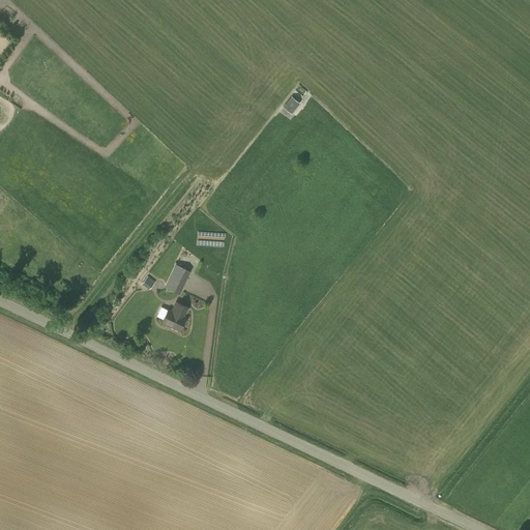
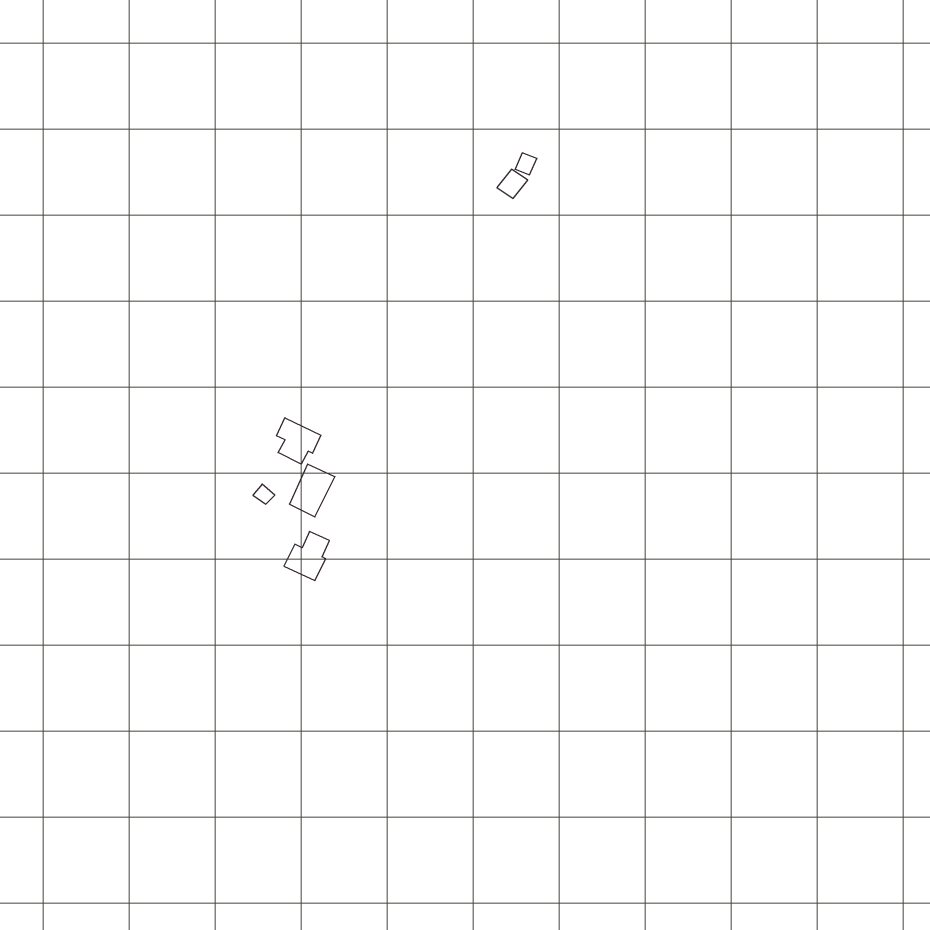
building: none -> [276,418,321,464]

